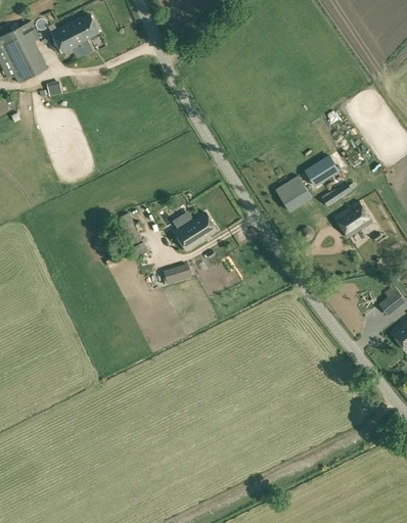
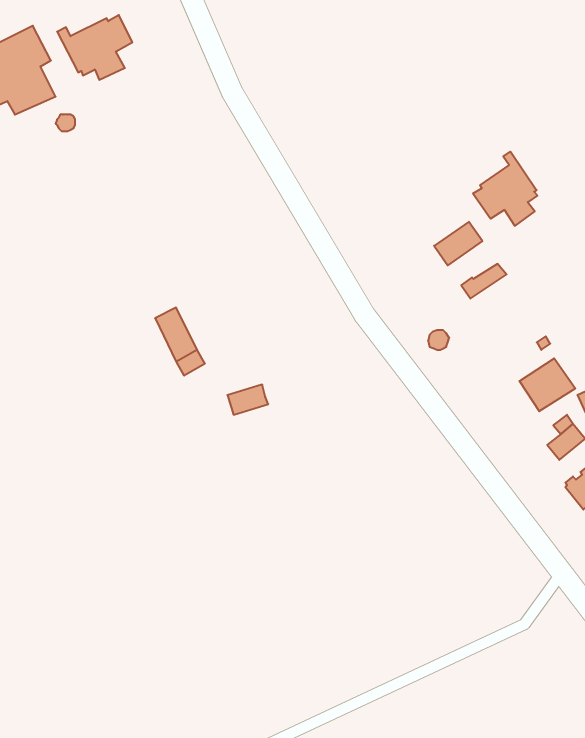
building: none -> [473,152,537,226]
building: [276,175,312,211] -> none
building: [335,202,373,238] -> [519,358,575,411]
building: [174,211,217,250] -> none

